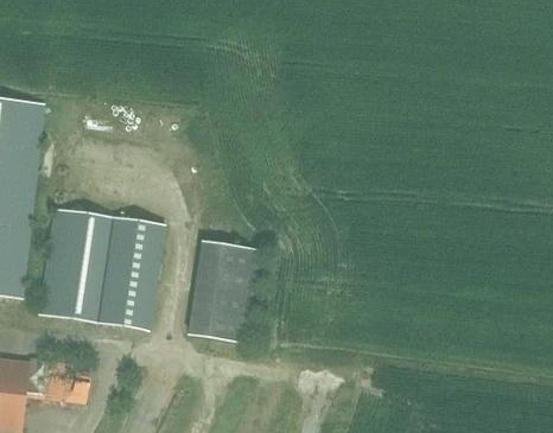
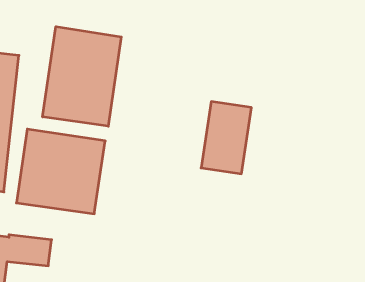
building: none -> [43,27,121,126]
building: [189,241,260,343] -> [201,102,251,174]

